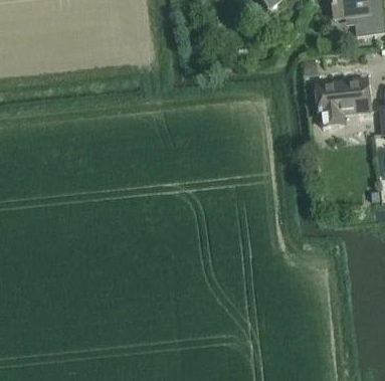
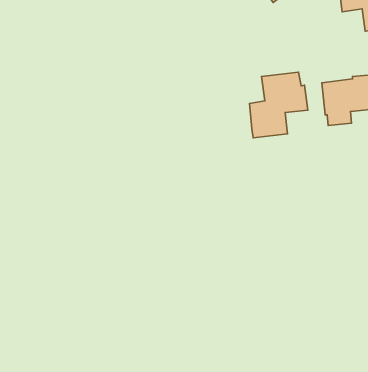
building: none -> [249,72,308,138]

